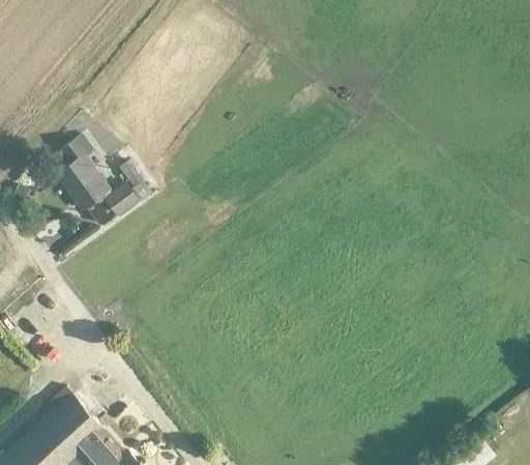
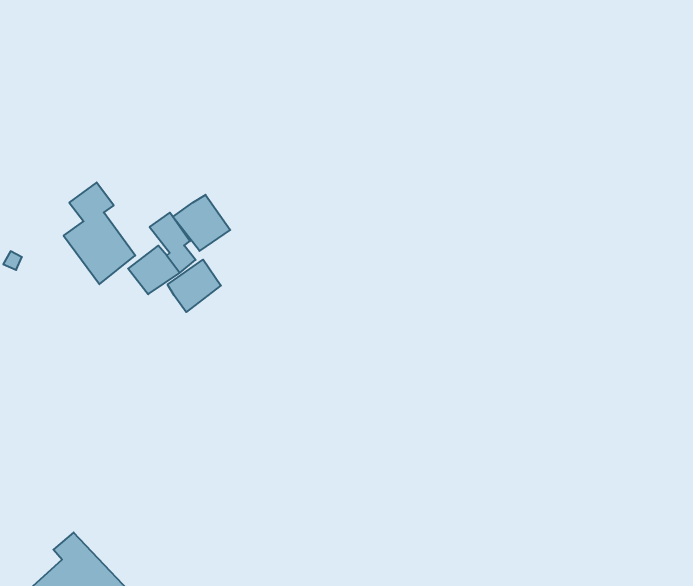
building: none -> [173,195,230,251]
building: none -> [168,260,221,312]

